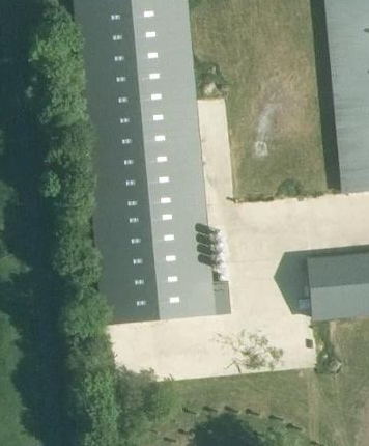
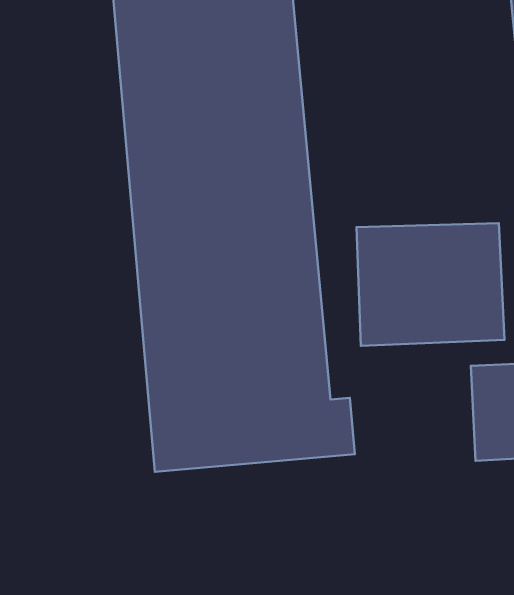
building: none -> [357,223,505,346]

